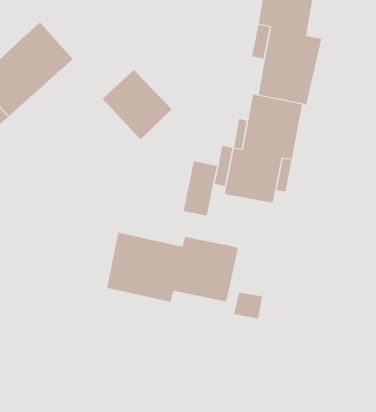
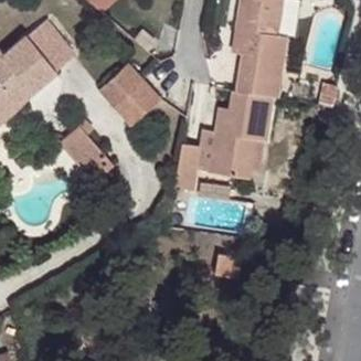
building: none -> [62,127,116,183]
building: [107,232,239,303] -> none

